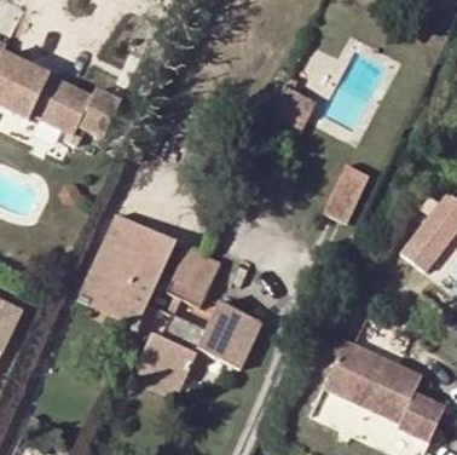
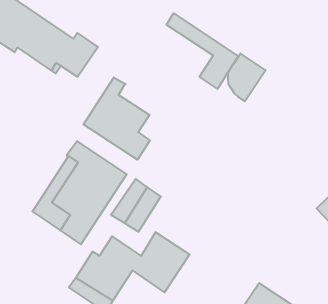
building: none -> [167,13,238,89]
building: none -> [83,77,150,160]
building: [325,165,371,221] -> none

